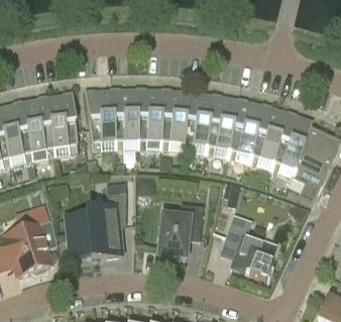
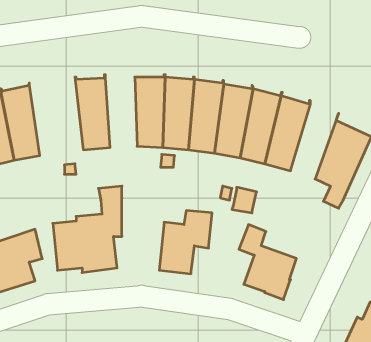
building: [111,86,138,149] -> none
building: [45,91,78,156] -> none
building: [270,112,312,177] -> none

